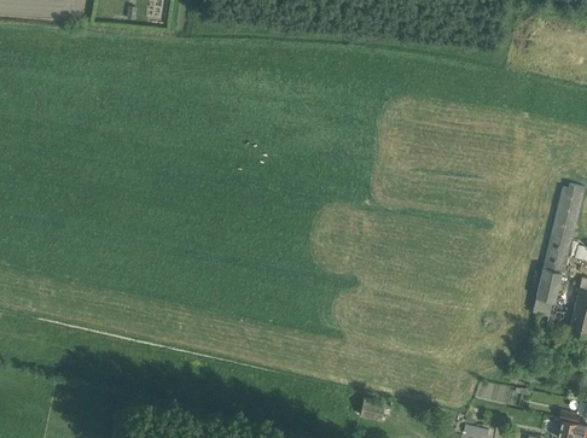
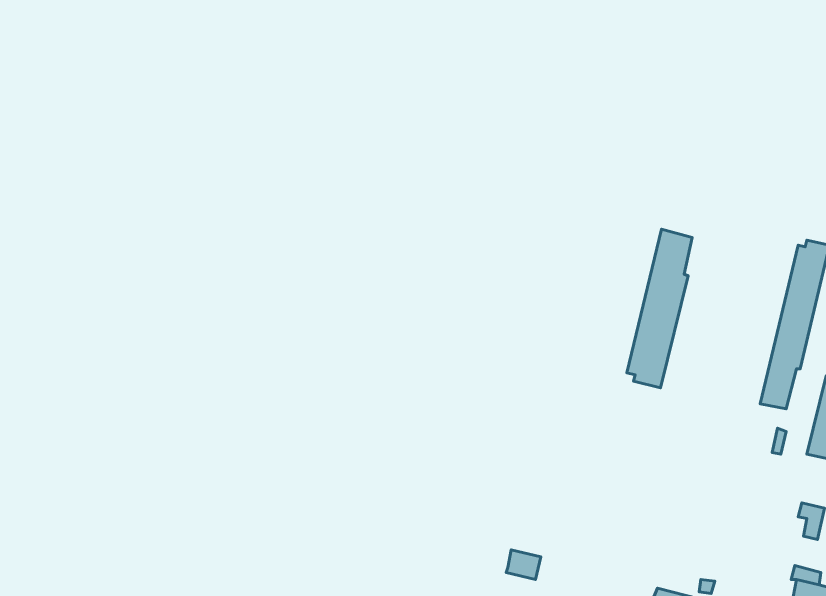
building: none -> [627,229,692,388]

